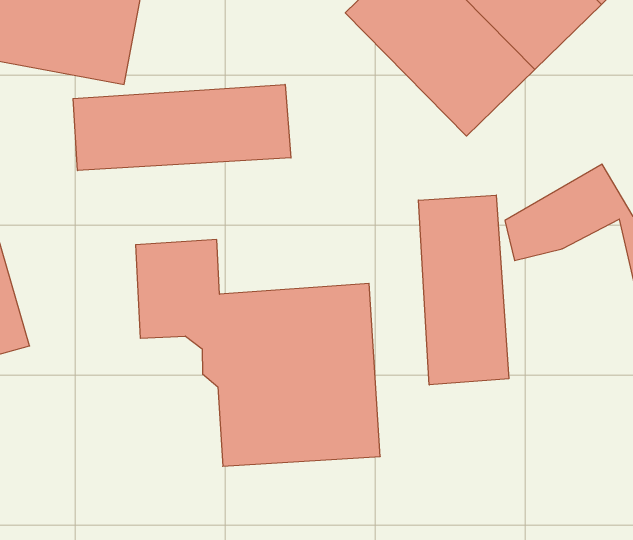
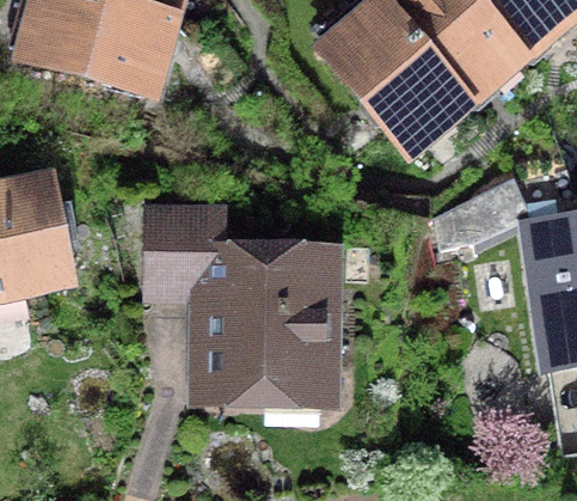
building: [73,84,291,171] -> none
building: [418,195,509,385] -> none

